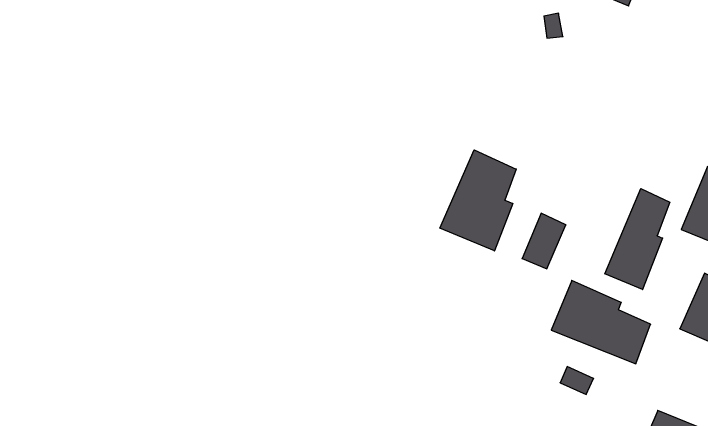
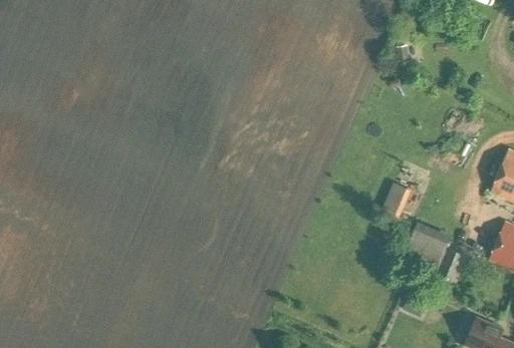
building: [440,150,516,251] -> none
building: [605,189,670,290] -> none

